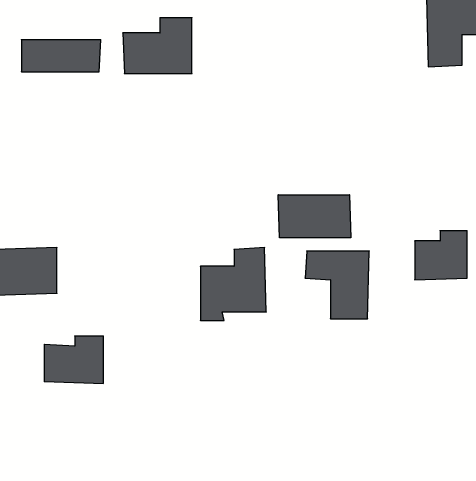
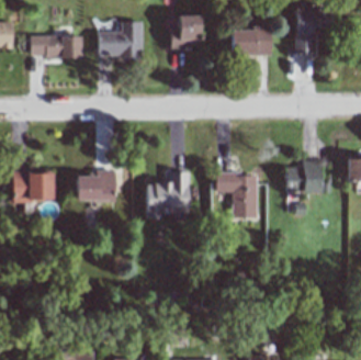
building: none -> [171,15,201,47]
building: none -> [232,29,272,55]
building: [278,195,351,238] -> none
building: [44,336,103,383] -> [78,170,116,201]

